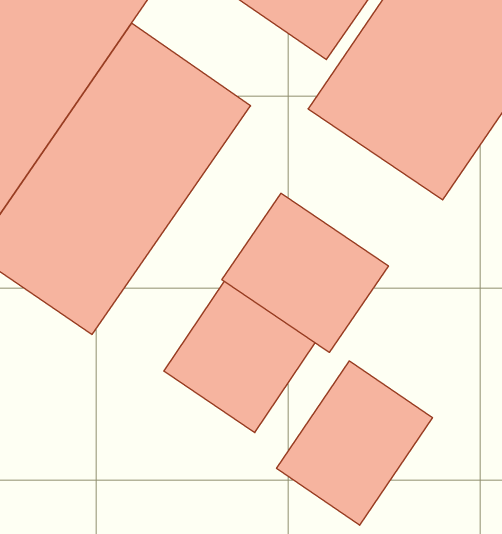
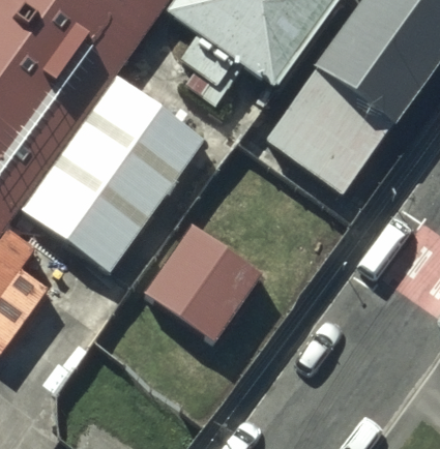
building: [222,193,388,352] -> none
building: [277,361,432,525] -> none

